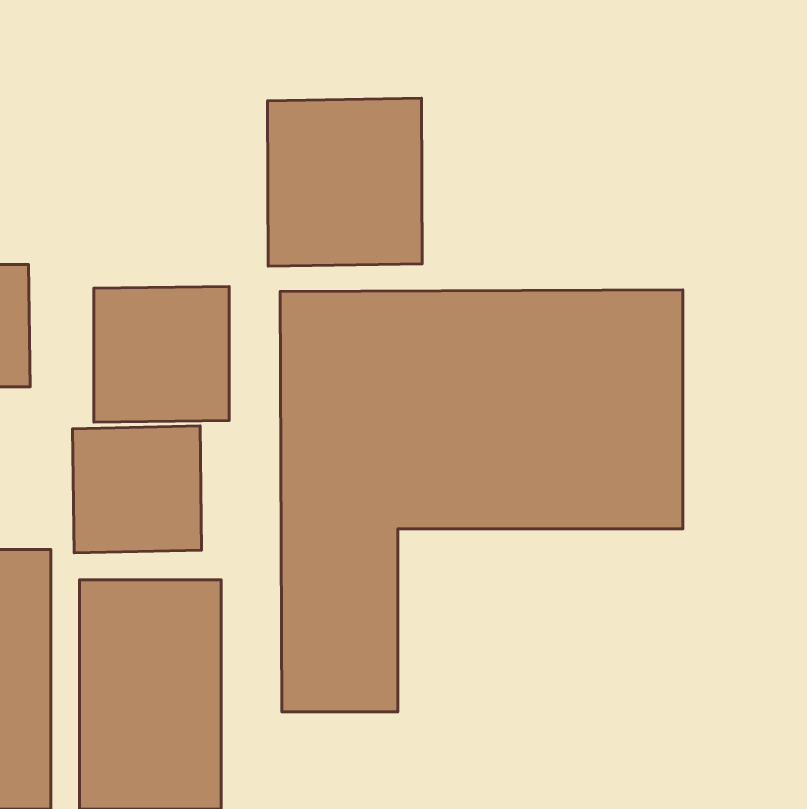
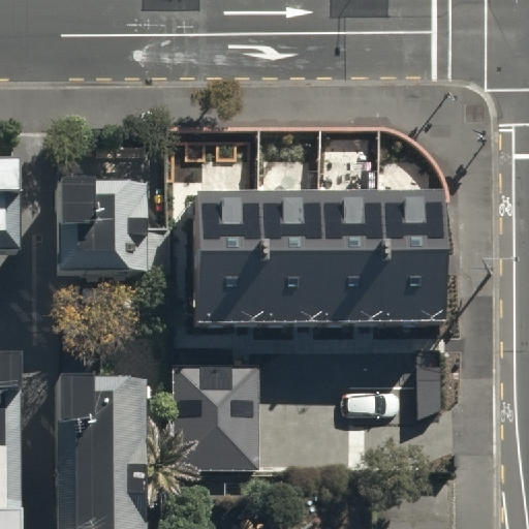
building: [267,98,422,266] -> none
building: [73,426,202,553] -> none

